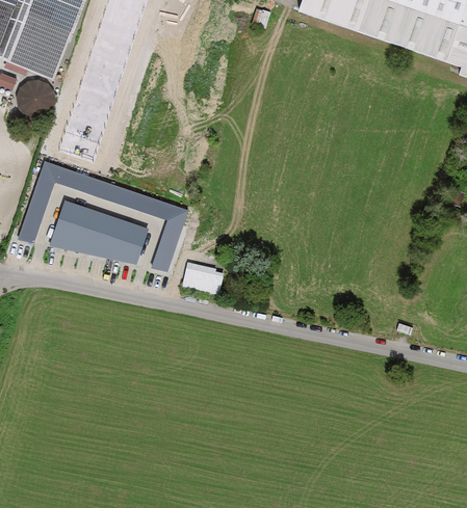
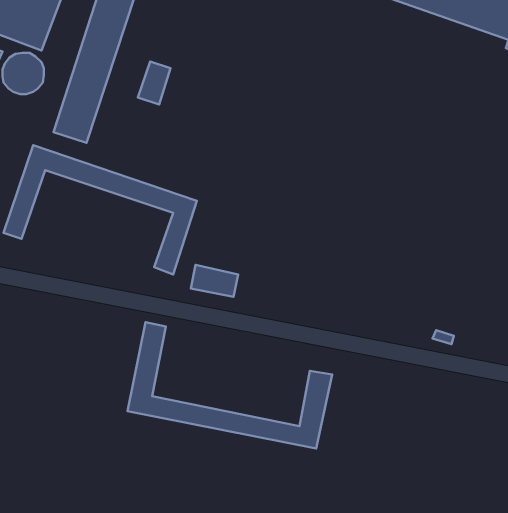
building: none -> [138,61,171,105]
building: [50,199,150,265] -> none
building: none -> [128,322,332,448]

